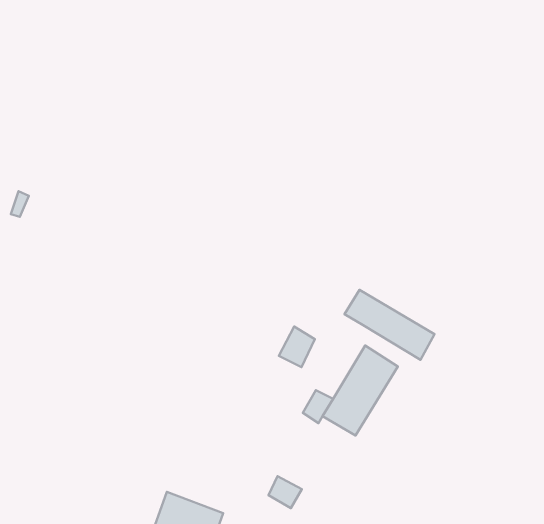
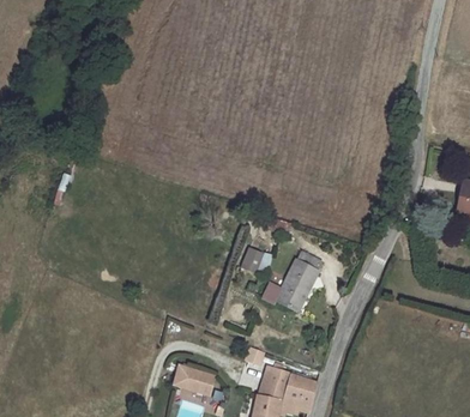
building: [344,290,434,360] -> none

